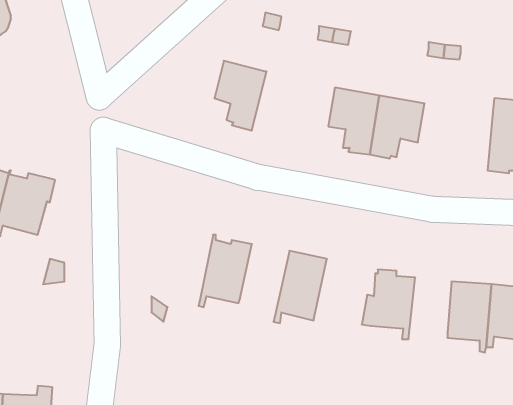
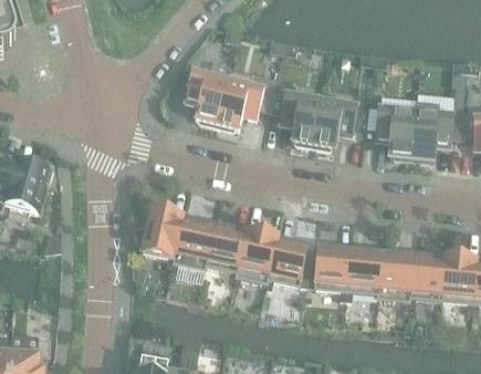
building: none -> [216,65,264,128]
building: none -> [376,105,415,157]
building: none -> [143,201,184,264]
building: none -> [206,218,247,278]
building: none -> [266,230,311,287]
building: none -> [345,246,380,298]

